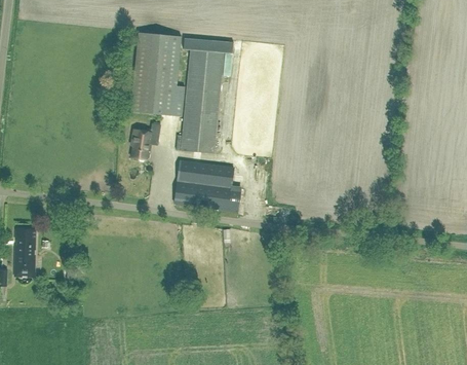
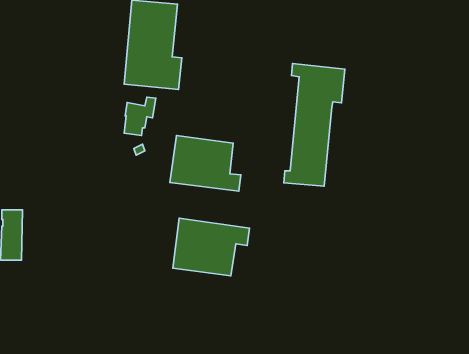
building: [176,37,233,152] -> [284,64,345,186]
building: none -> [173,218,249,276]

